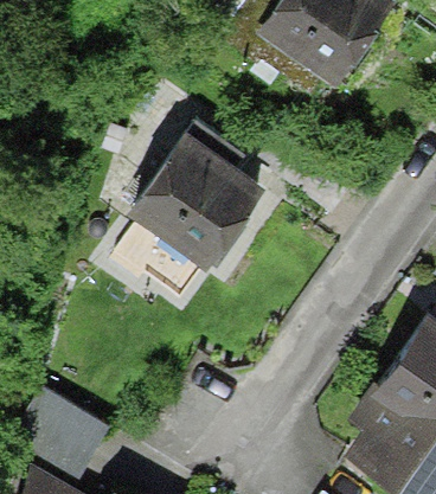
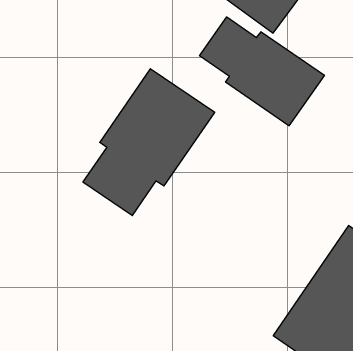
building: none -> [200,17,324,126]

